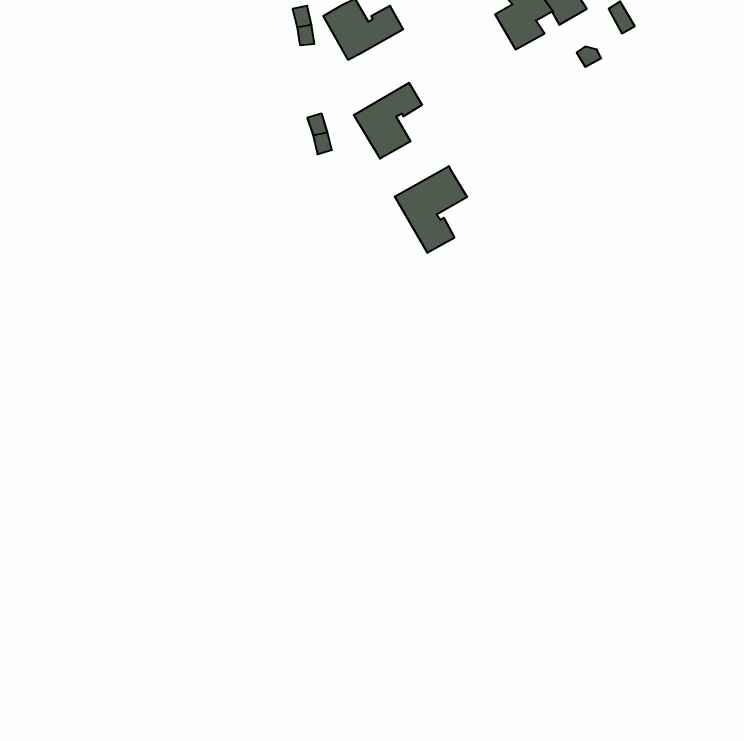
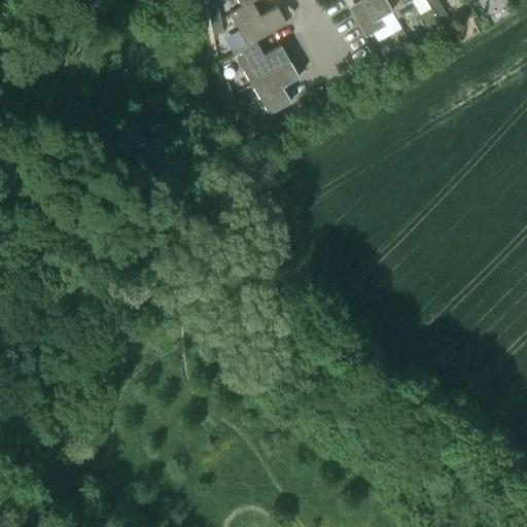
building: none -> [233,38,289,81]
building: [395,166,467,253] -> none

